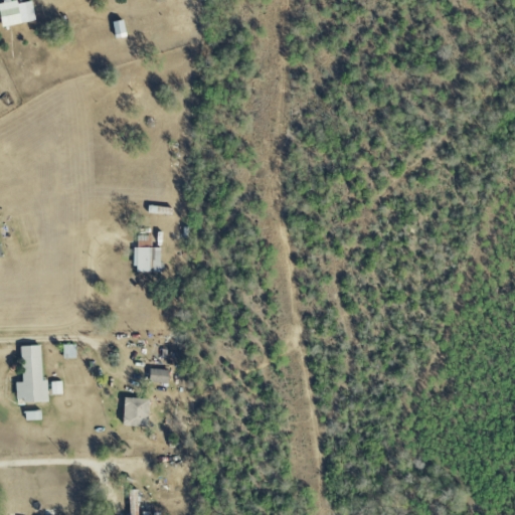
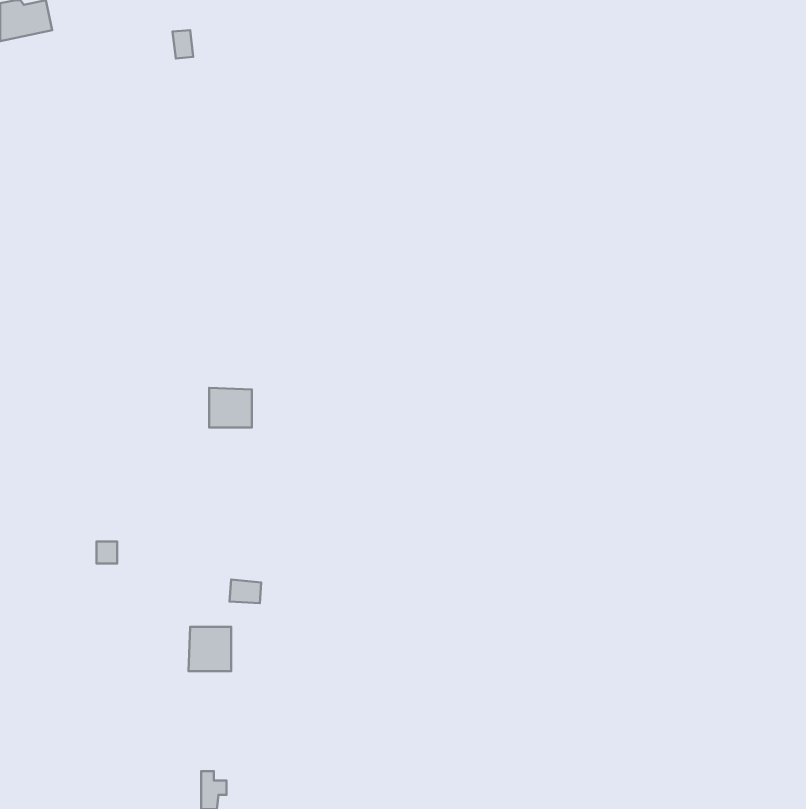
building: [16,345,48,402] -> none

